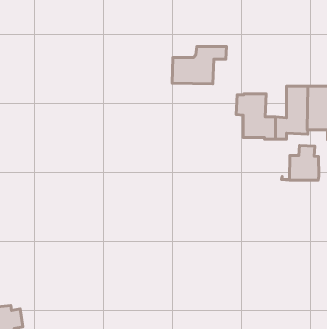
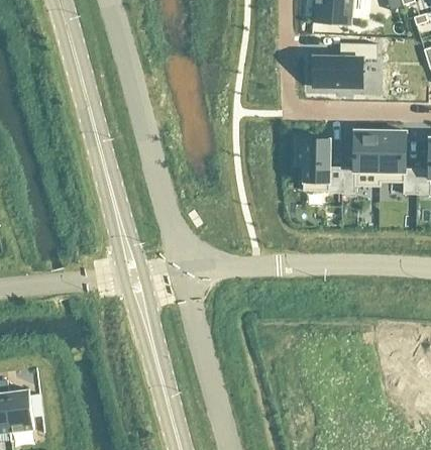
building: [172,46,227,84] -> [314,42,379,87]
building: [282,145,319,180] -> none

